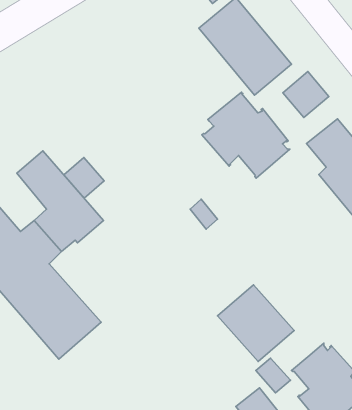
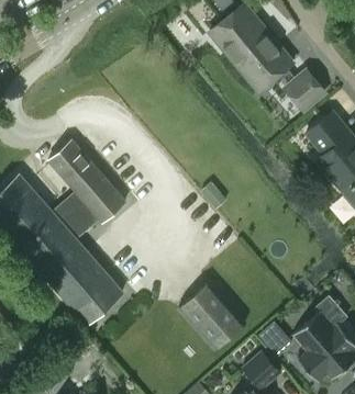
building: [202,92,290,178] -> none
building: [64,158,104,198] -> none
building: [217,285,294,362] -> [177,282,245,350]

